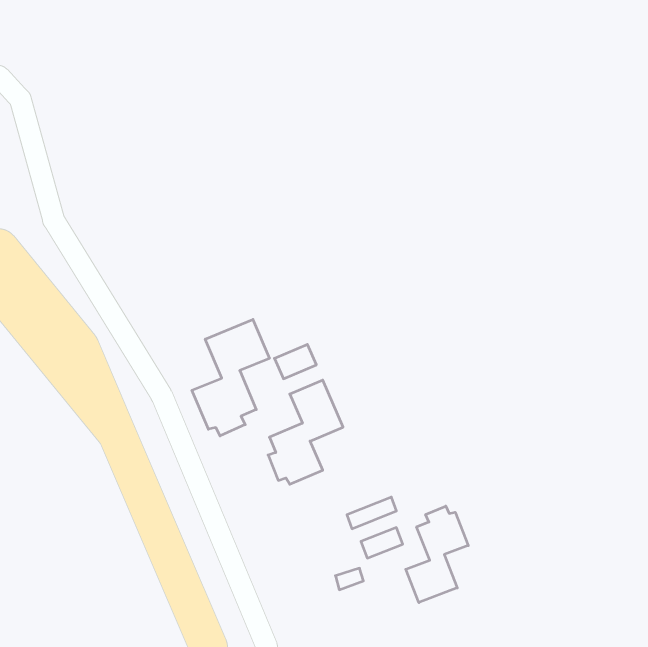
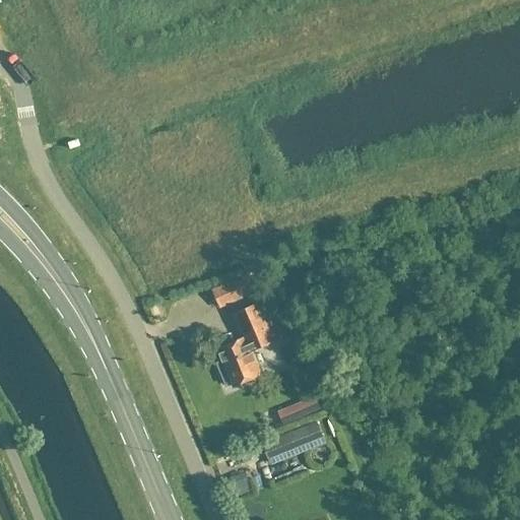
building: [192,319,269,436] -> none
building: [406,506,468,603] -> none

